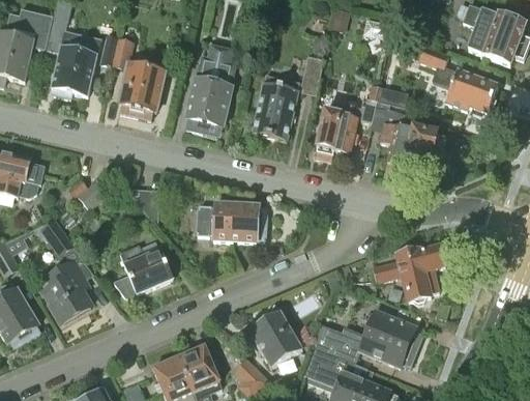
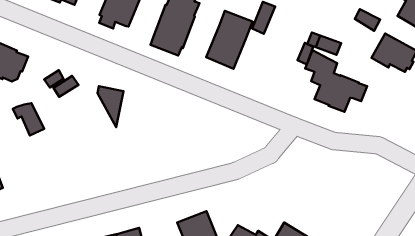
building: [315,104,357,161] -> none
building: [197,202,267,242] -> none
building: [113,245,173,297] -> none
building: [372,245,445,304] -> none
building: [42,261,90,323] -> none

